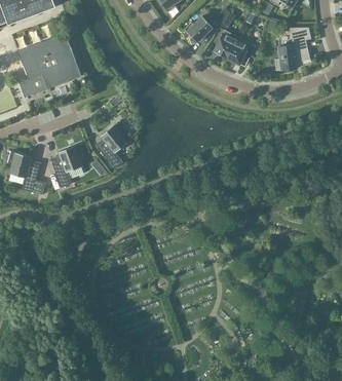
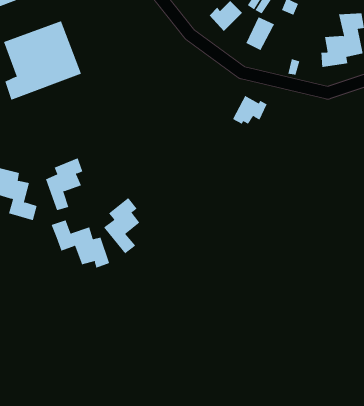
building: [226,38,255,62] -> [232,95,268,124]
building: [97,122,126,168] -> [103,197,140,254]
building: none -> [51,220,110,268]

